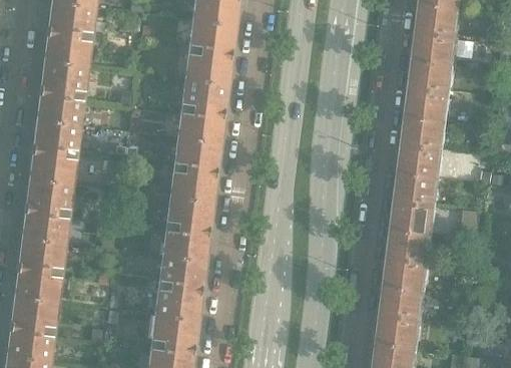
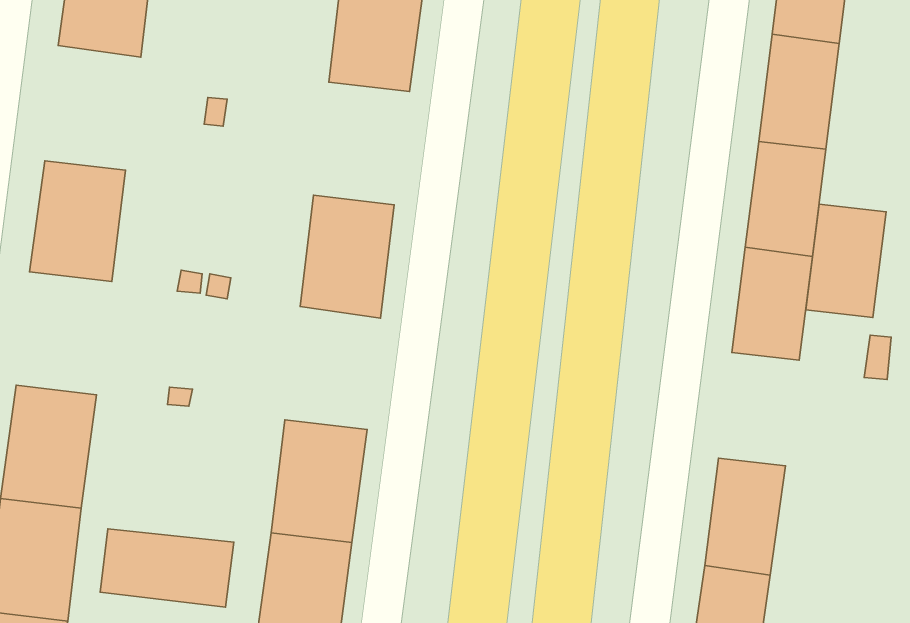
building: [36,62,86,127] -> none
building: [176,81,226,145] -> none
building: [21,180,71,245] -> none
building: [161,199,211,263] -> none
building: [388,223,430,282] -> [806,204,886,317]
building: none -> [100,529,234,607]

